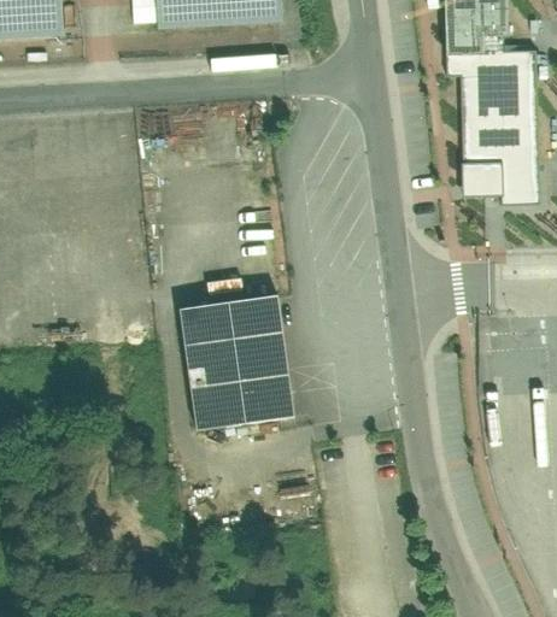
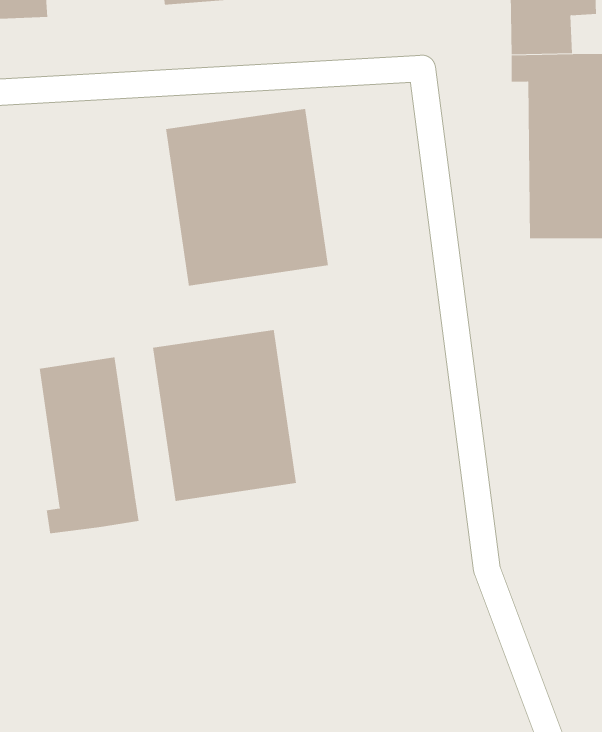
building: none -> [165,108,329,286]
building: none -> [39,356,139,534]

